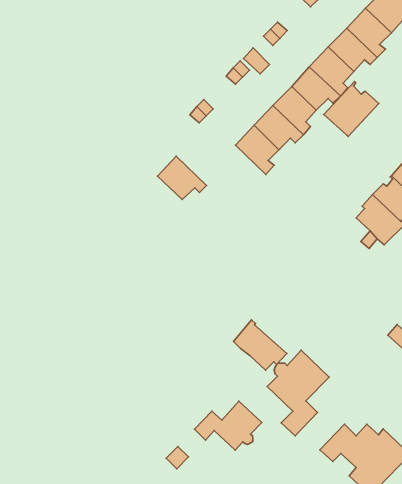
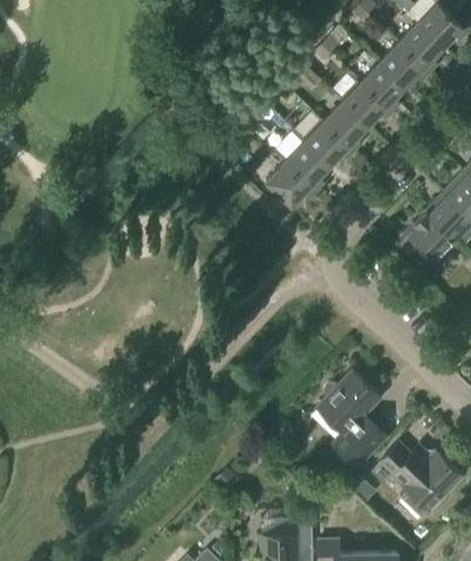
building: [324,82,379,136] -> none
building: [157,156,207,200] -> [266,162,316,206]
building: [233,320,287,370] -> none
building: [195,401,262,450] -> none

